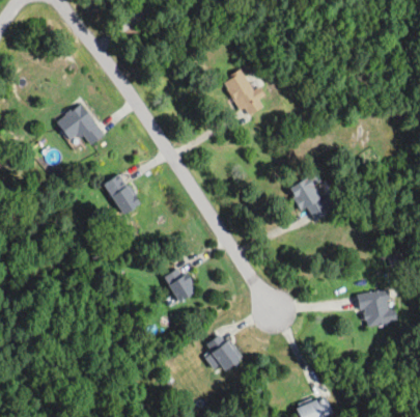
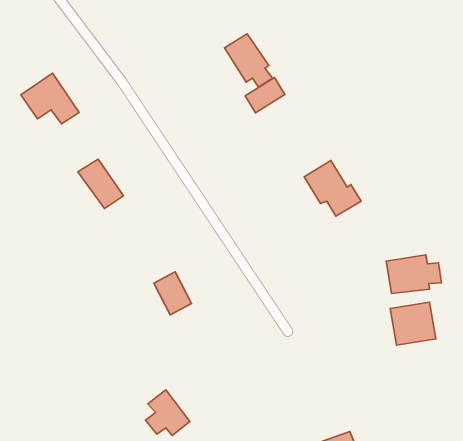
building: none -> [245,77,285,113]
building: none -> [386,255,442,294]
building: [204,332,241,369] -> [145,390,190,435]

